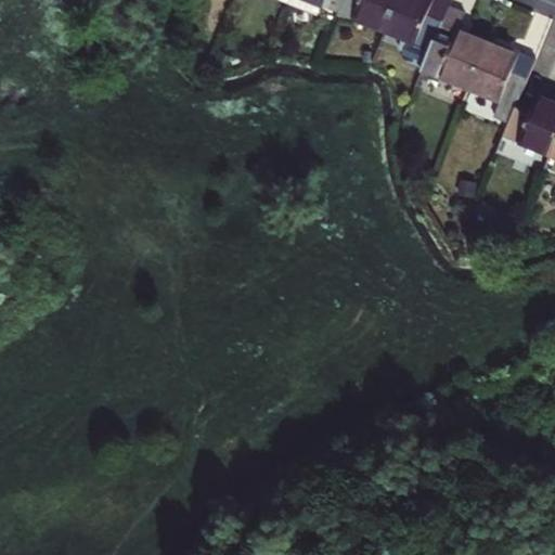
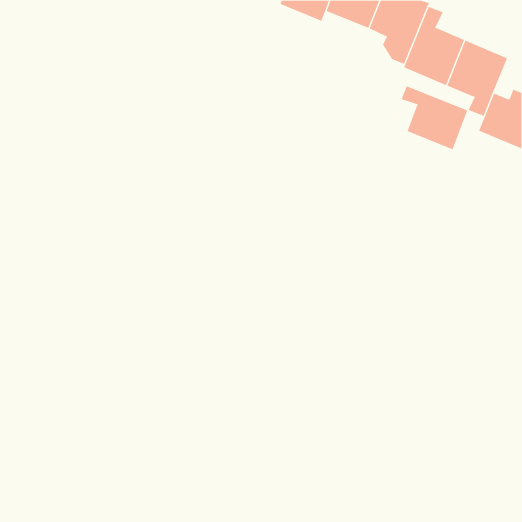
building: none -> [401,85,468,150]

